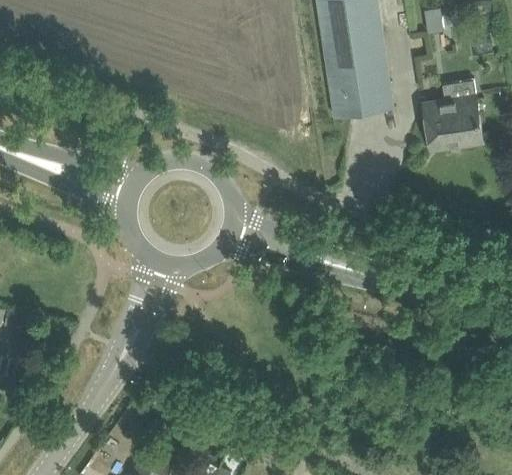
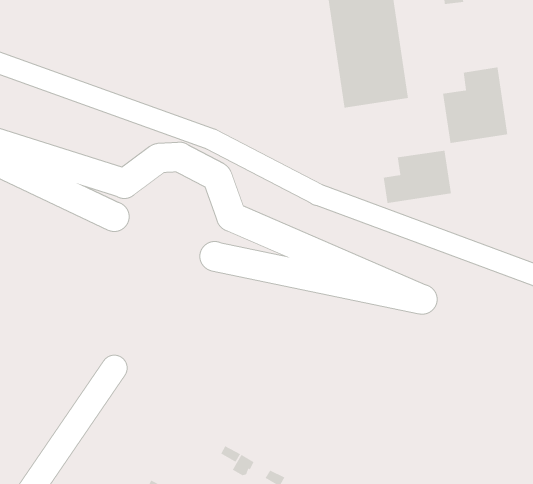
building: none -> [383,150,452,204]

